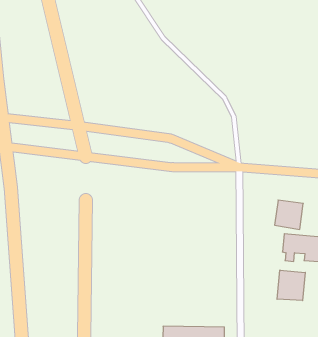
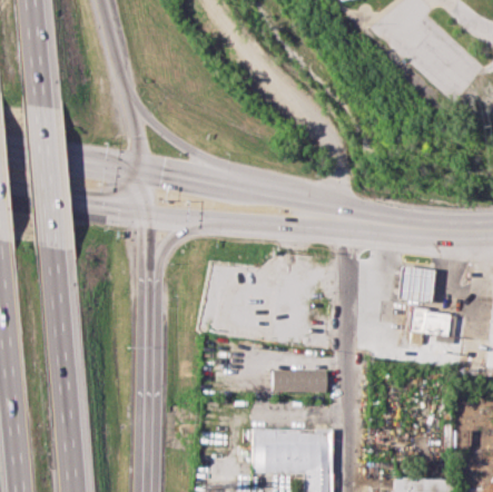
building: [277,270,305,301] -> none
building: none -> [273,370,327,392]

